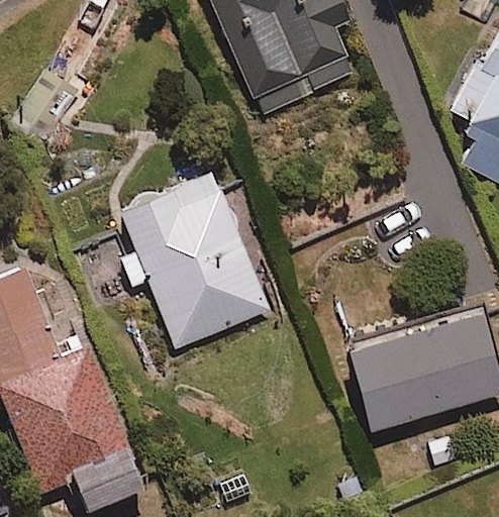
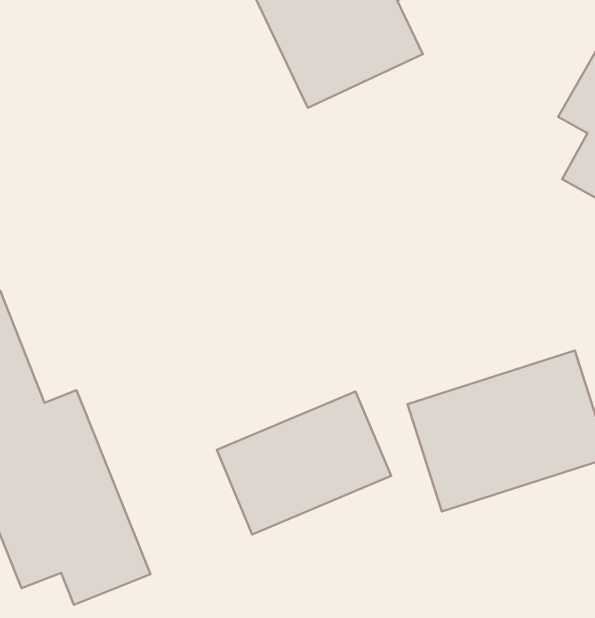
building: [116,166,273,353] -> none
building: none -> [217,391,391,534]

